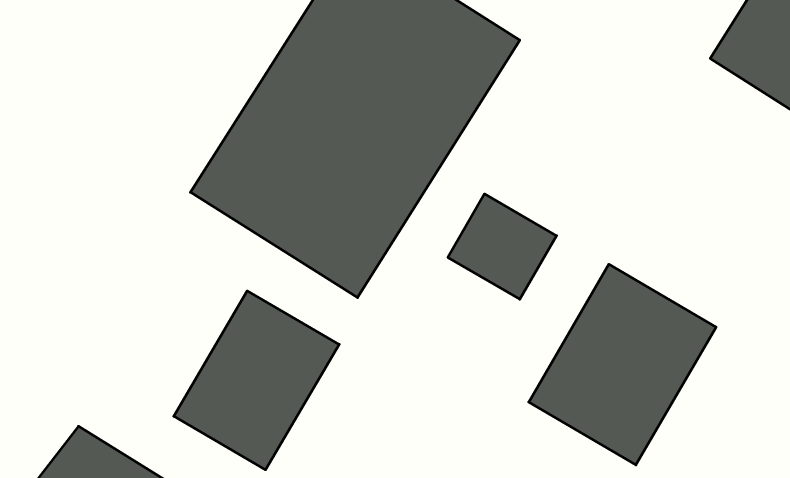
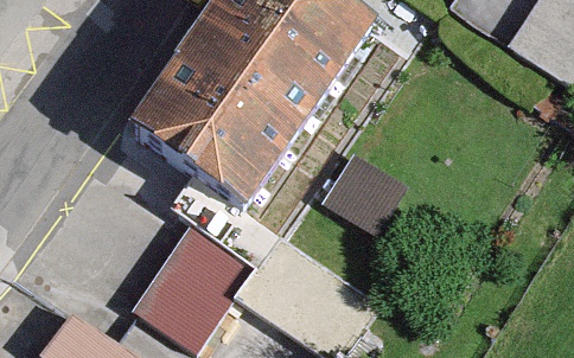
building: [529,264,716,465] -> none

